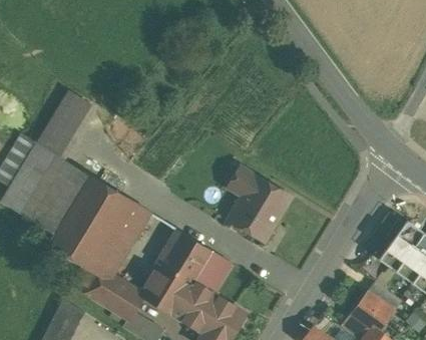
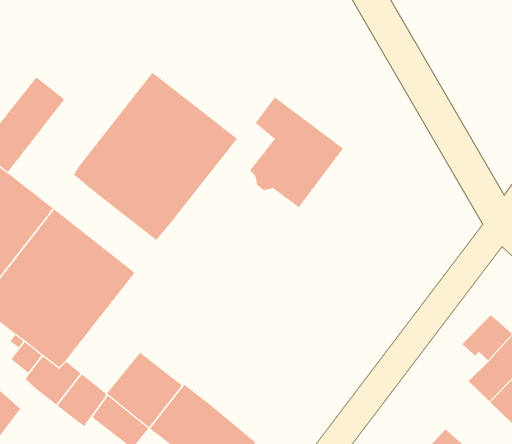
building: none -> [73,72,238,241]
building: [229,169,290,242] -> [249,96,344,208]
building: [159,231,233,295] -> none

